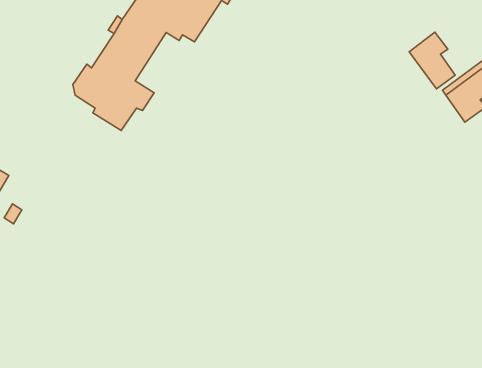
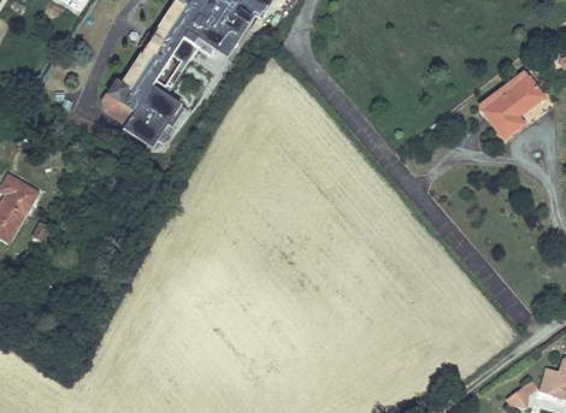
building: [409,32,455,89] -> none

